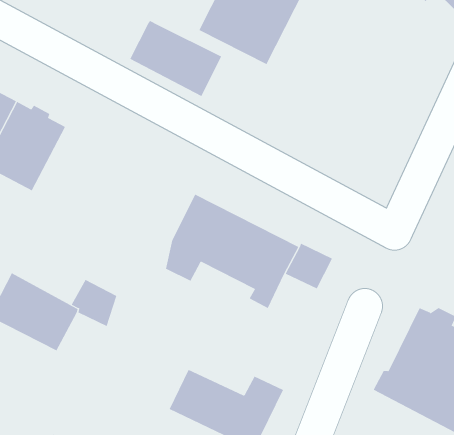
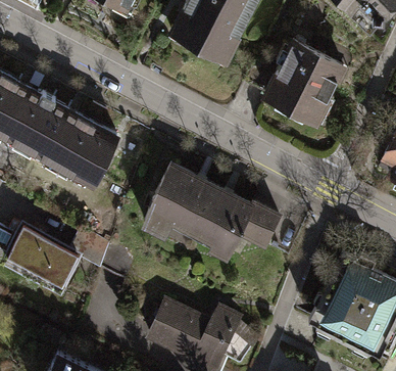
building: [130,20,222,97] -> none
building: none -> [266,43,344,125]
building: none -> [44,111,117,183]

